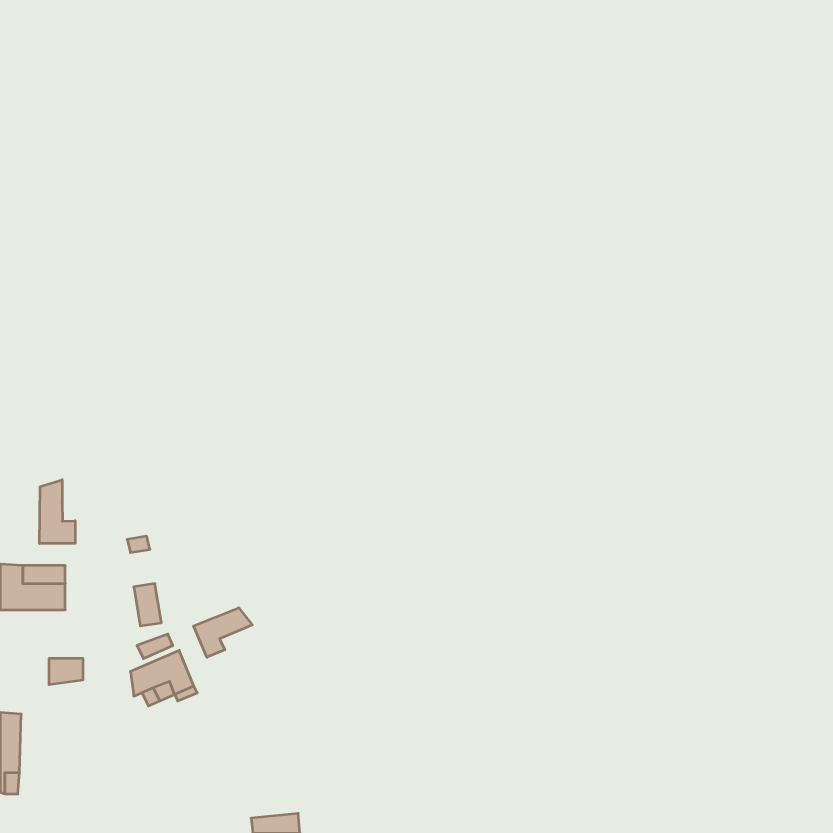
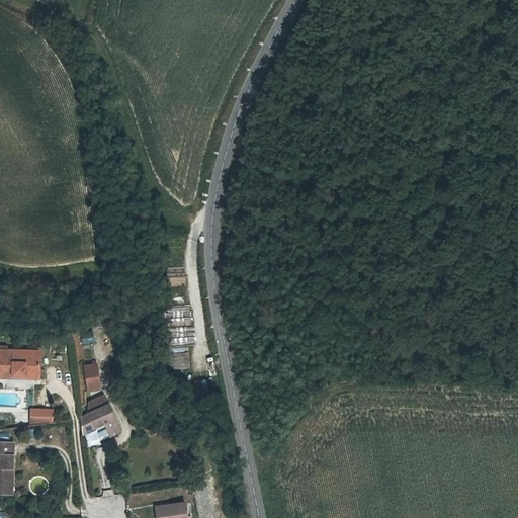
building: [40,480,75,544] -> none
building: [194,608,252,657] -> none

